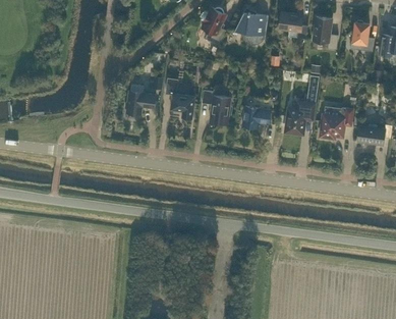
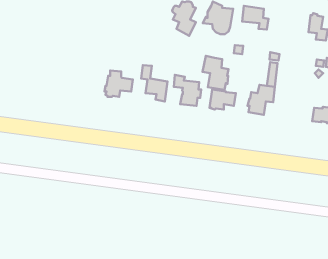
building: [312,16,338,50] -> none
building: none -> [203,56,228,90]
building: [320,107,353,139] -> none

